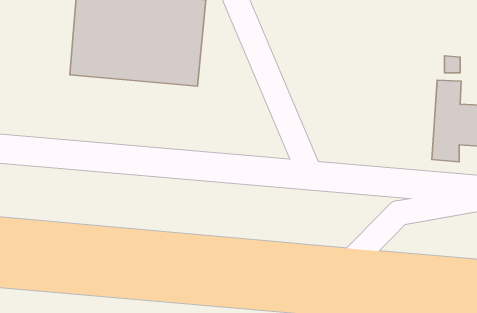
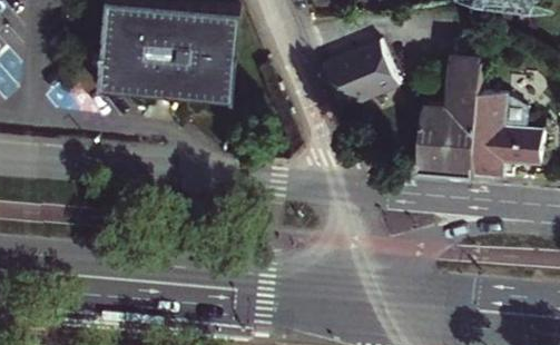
building: none -> [422,36,485,175]
building: none -> [325,41,400,110]

